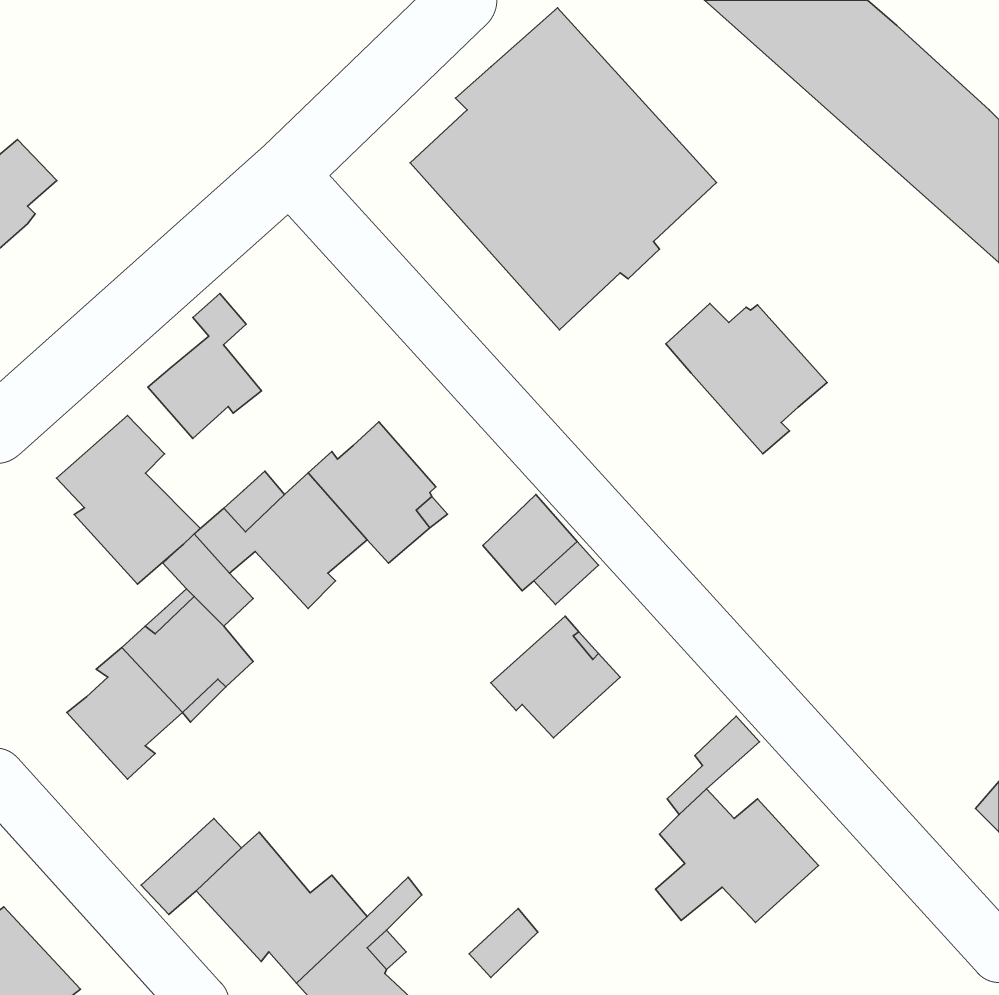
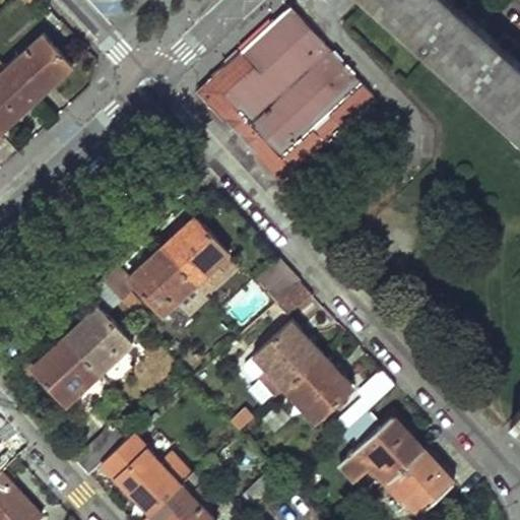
building: none -> [9,39,69,98]
building: none -> [195,55,289,184]
building: [148,293,261,438] -> none
building: [666,303,827,454] -> none
building: [56,416,200,584] -> none
building: none -> [286,354,349,424]
building: none -> [391,452,467,515]

